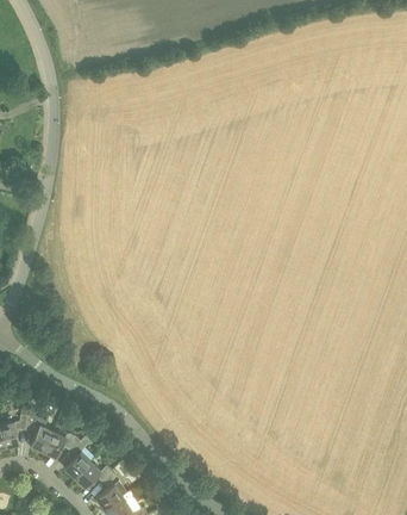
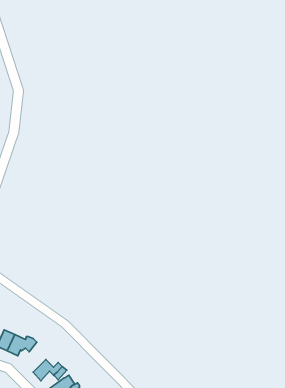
building: [63,435,93,477] -> none

